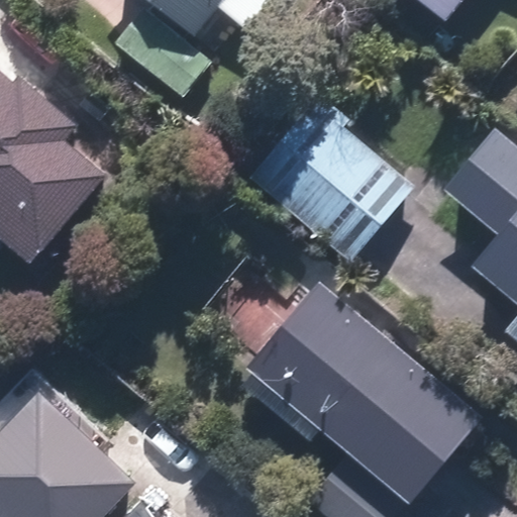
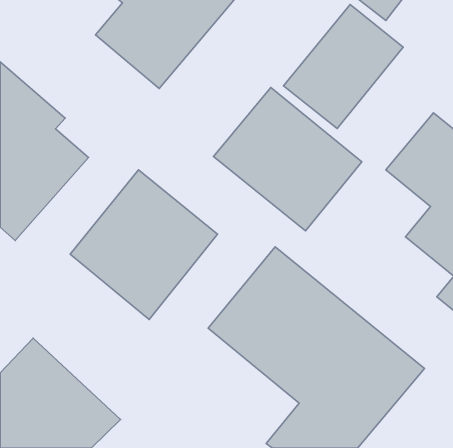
building: none -> [283,4,403,128]
building: none -> [70,170,218,320]

